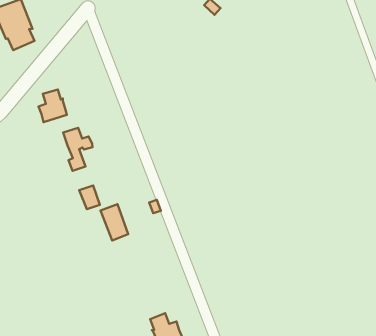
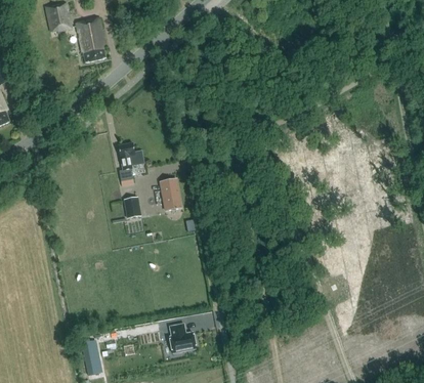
building: [39,89,67,122] -> none
building: [100,204,128,240] -> [160,178,181,210]

